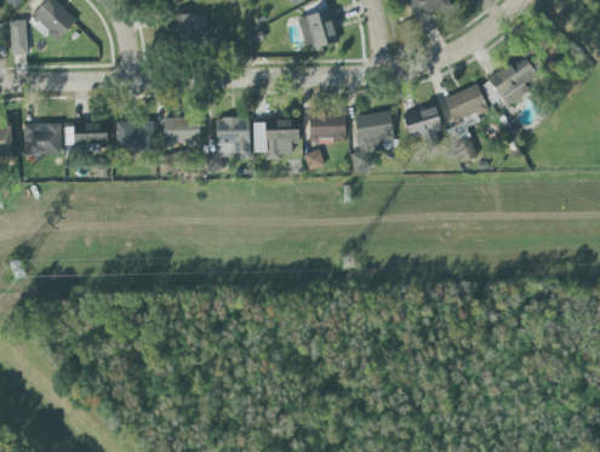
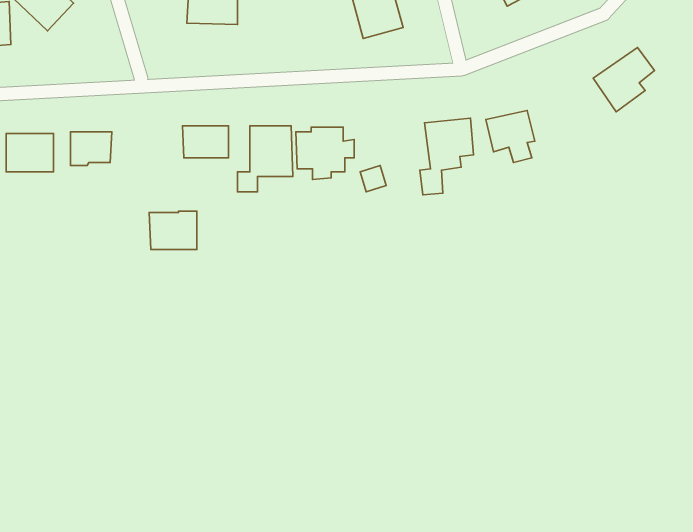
building: [442,84,488,147] -> none
building: [308,114,345,143] -> none
building: [115,120,153,150] -> [149,211,197,249]

